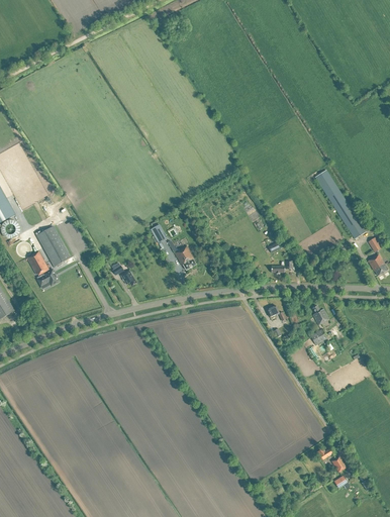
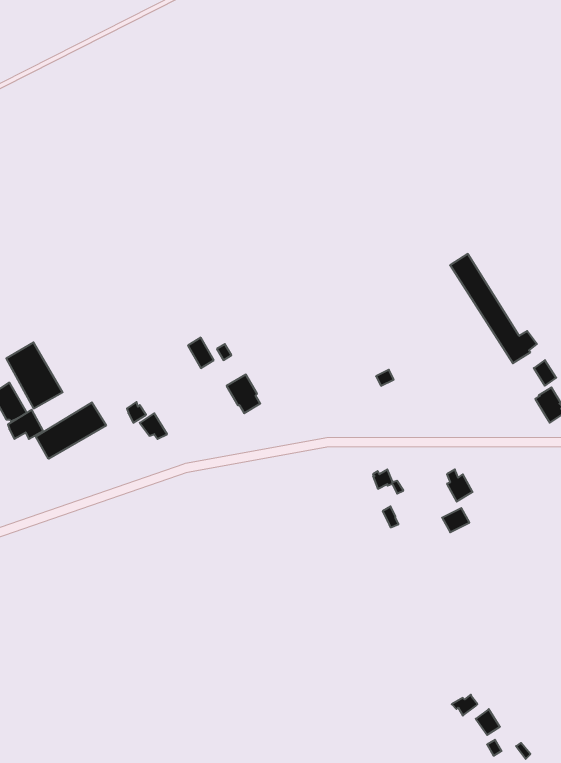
building: none -> [36,402,106,459]

